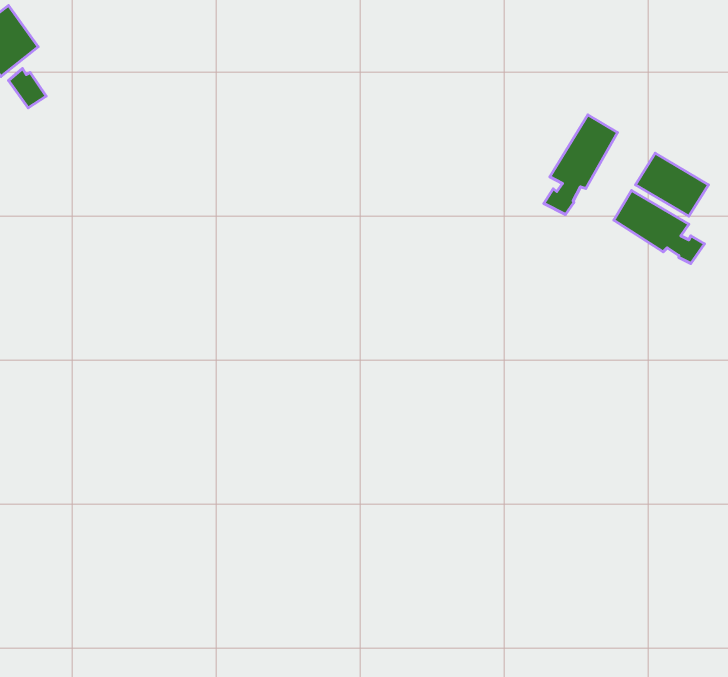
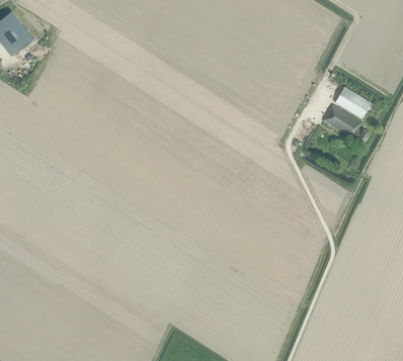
building: [544,115,618,214] -> none

